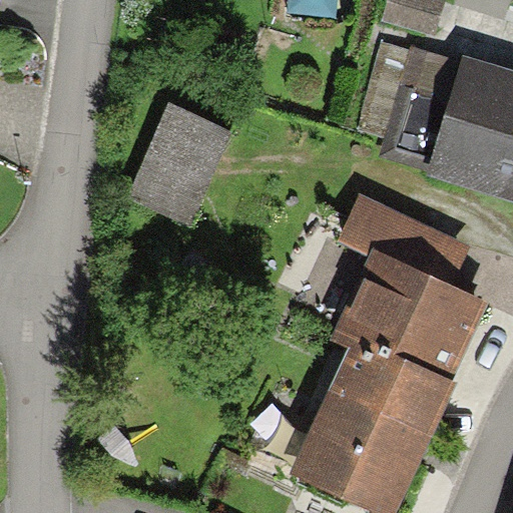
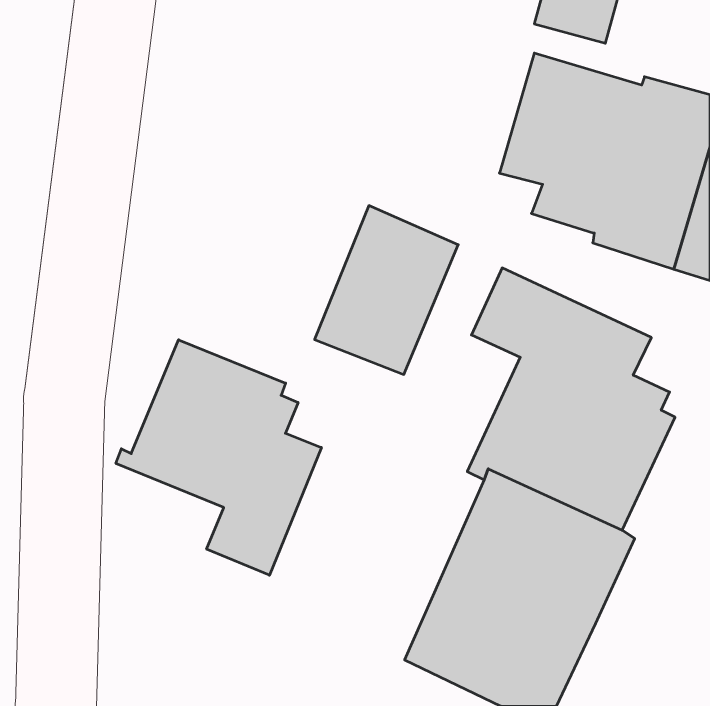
building: [130,104,233,225] -> [315,206,458,374]
building: none -> [116,340,321,575]

